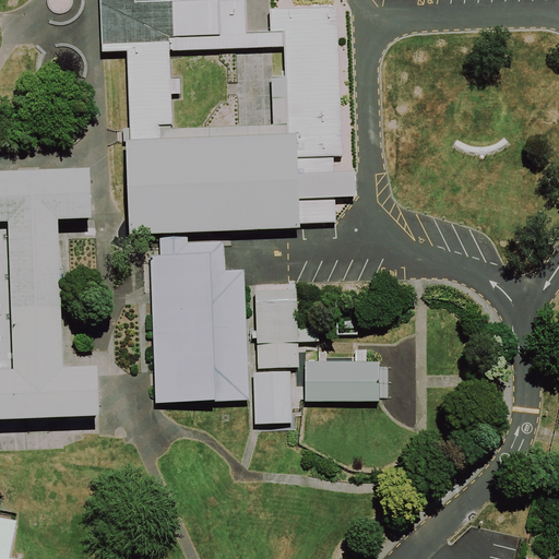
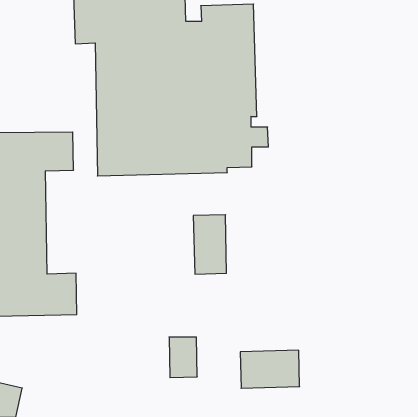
building: [150,239,247,401] -> none
building: [309,350,388,401] -> [240,350,300,388]
building: [258,367,295,420] -> [169,337,197,378]

